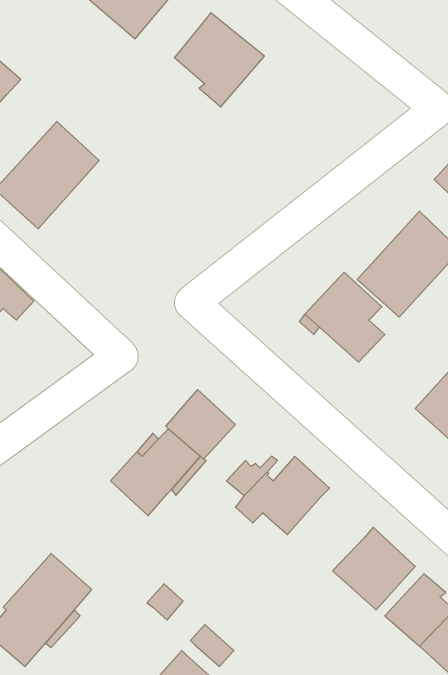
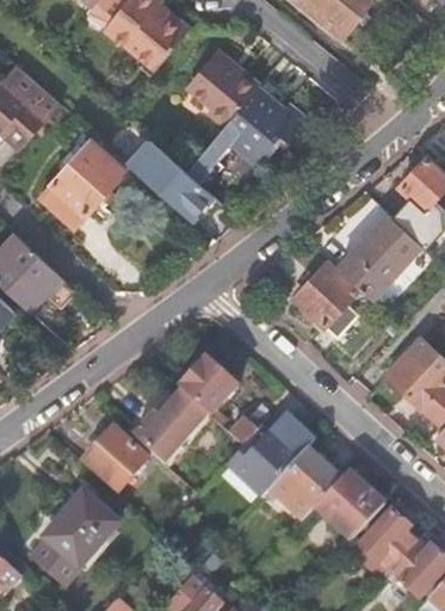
building: none -> [217,74,311,171]
building: none -> [130,141,202,210]
building: none -> [82,426,149,494]
building: none -> [278,448,342,512]

